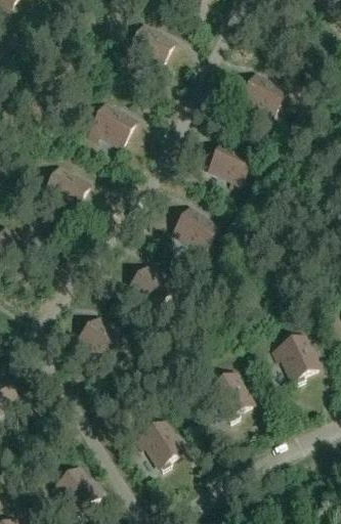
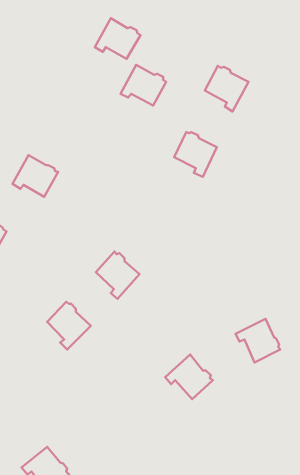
building: [86,103,133,145] -> [120,65,166,106]
building: [171,207,216,255] -> none
building: [133,421,181,466] -> none

